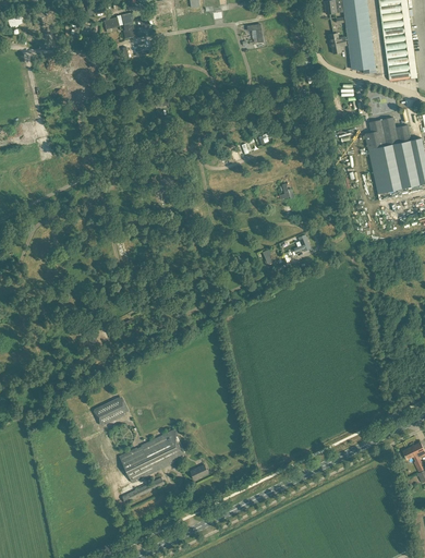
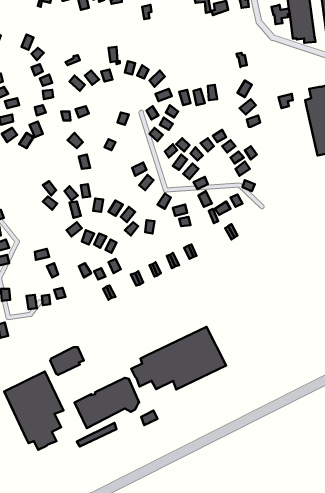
building: none -> [131,327,226,390]
building: none -> [4,371,64,450]

